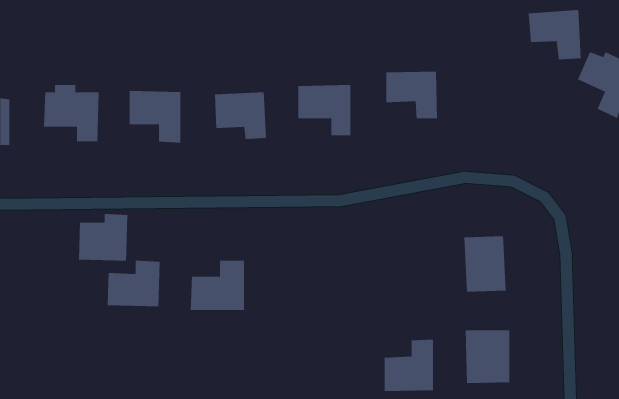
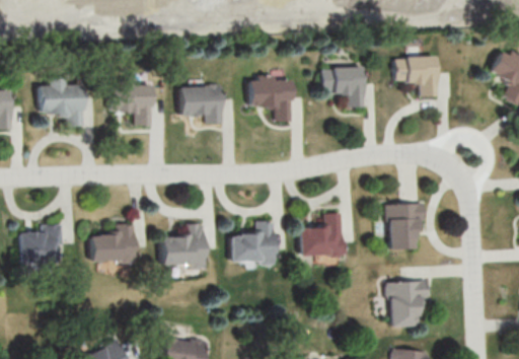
building: [528,10,582,60] -> [394,55,439,96]
building: [78,214,128,261] -> [19,224,61,264]
building: none -> [232,221,277,264]
building: [384,339,434,392] -> [302,213,344,257]

